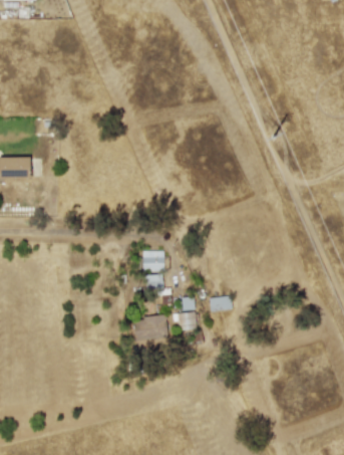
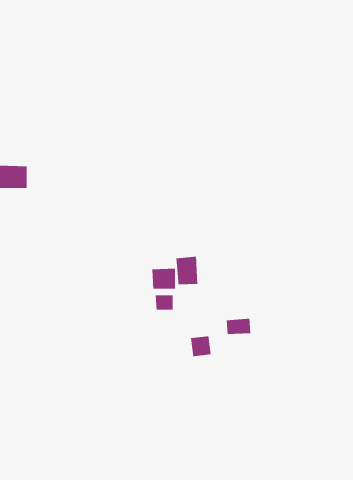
building: none -> [176,256,198,285]
building: [133,316,167,342] -> none

